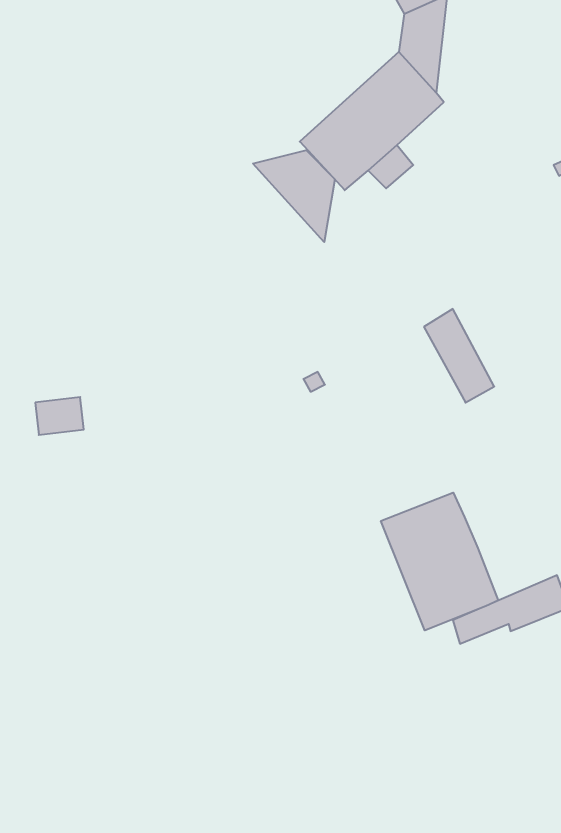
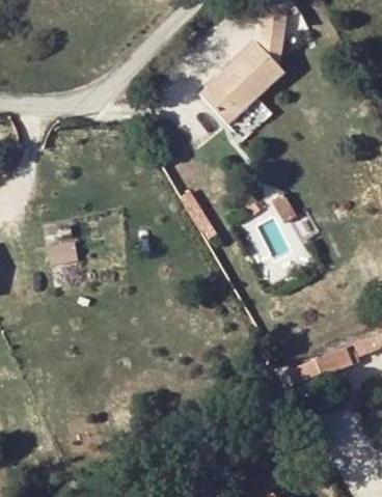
building: [253,150,335,242] -> none
building: [381,493,498,630] -> none

